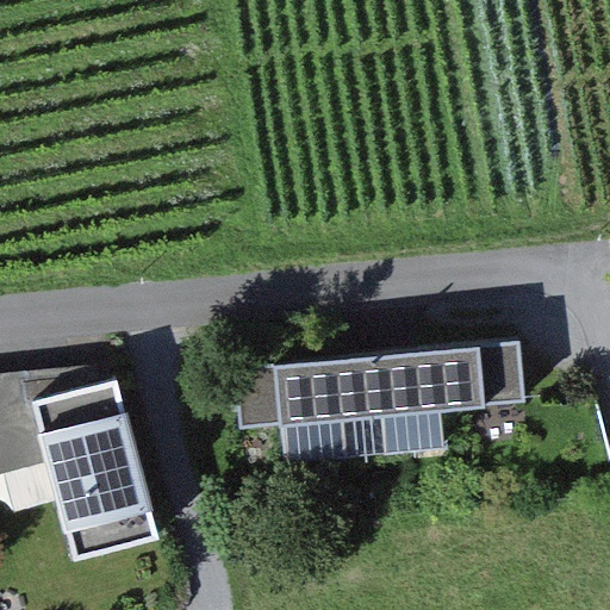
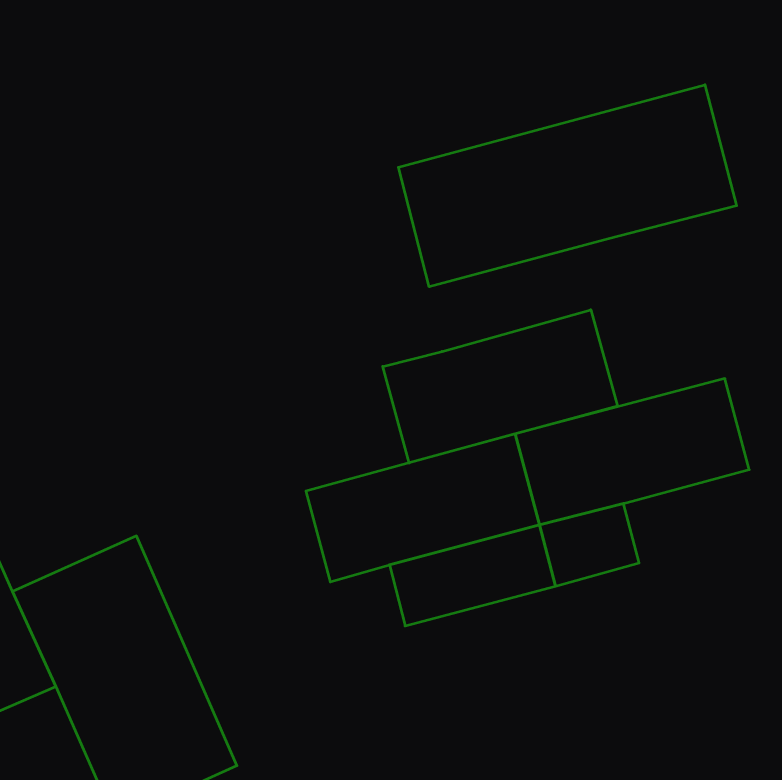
building: none -> [398,85,737,287]
building: none -> [383,310,617,463]

